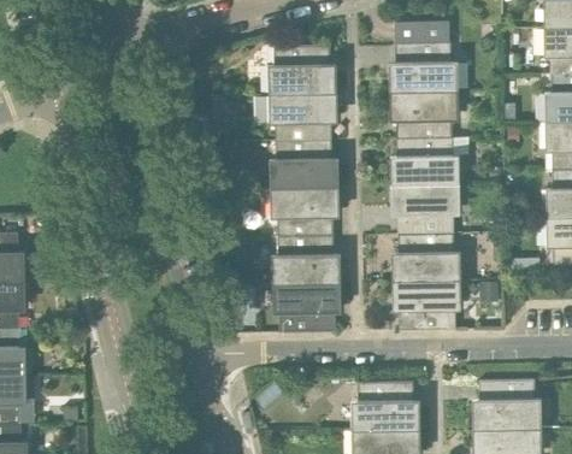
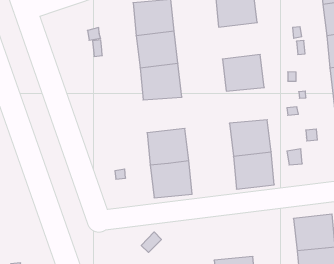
building: [396,89,453,137] -> none
building: [399,184,454,231] -> none
building: [277,185,334,234] -> none
building: [358,378,414,428] -> none

